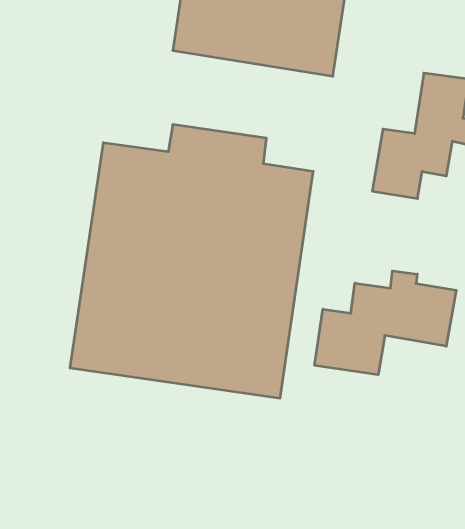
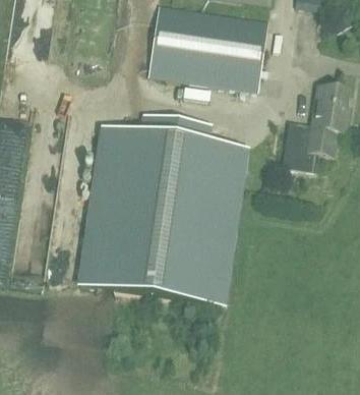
building: [315,271,456,375] -> none

